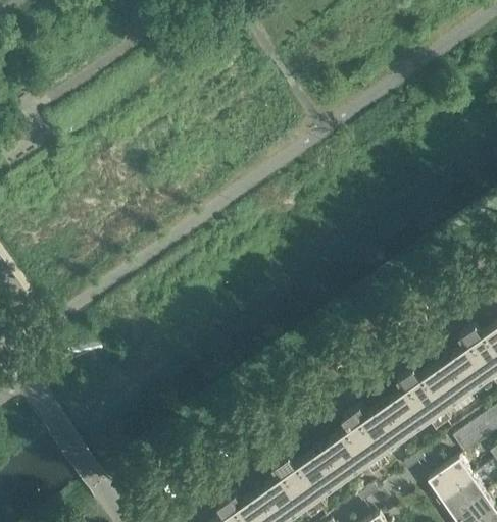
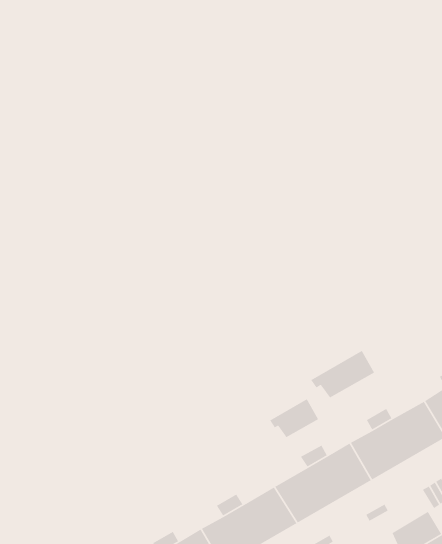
building: none -> [310,350,375,398]
building: none -> [269,398,319,438]

